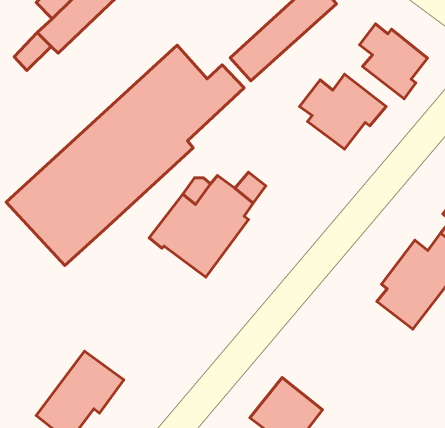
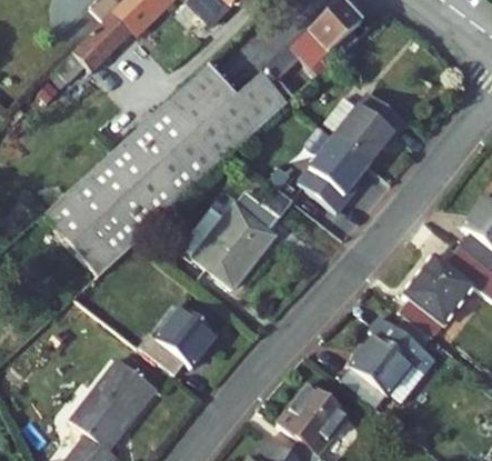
building: [359,24,428,99] -> none
building: none -> [299,138,368,212]
building: none -> [139,305,219,374]
building: none -> [340,317,436,409]

